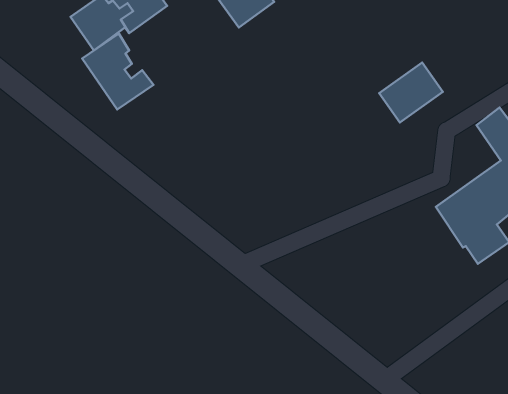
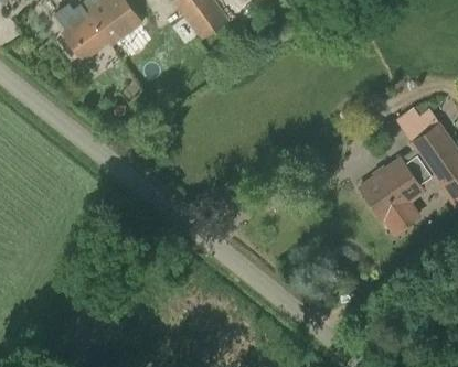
building: [82,34,153,110] -> none
building: [379,62,443,123] -> none

